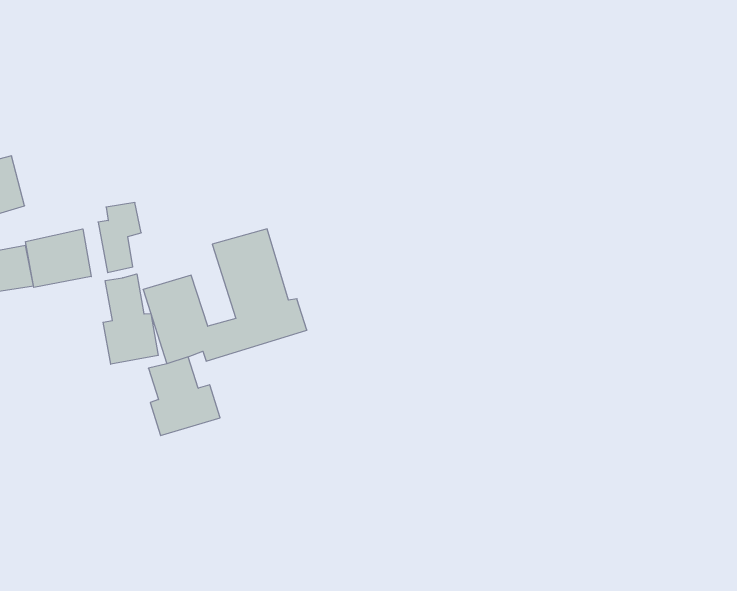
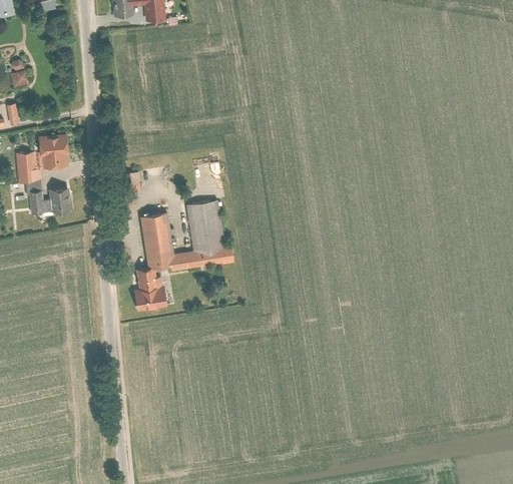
building: [26,229,91,287] -> none
building: [103,274,158,364] -> none

